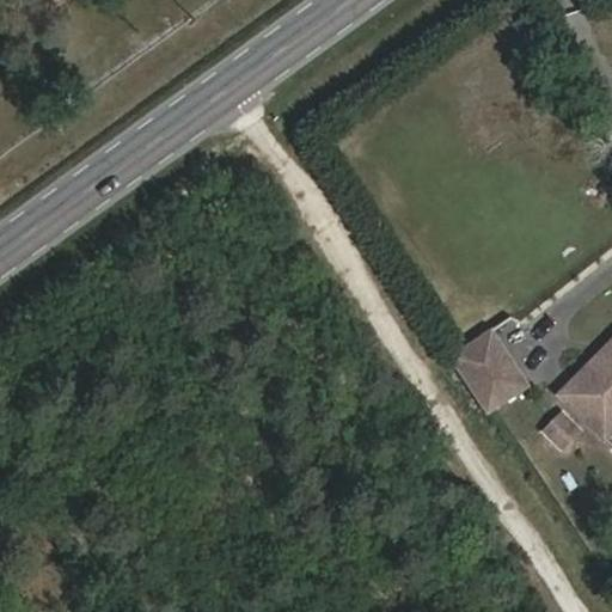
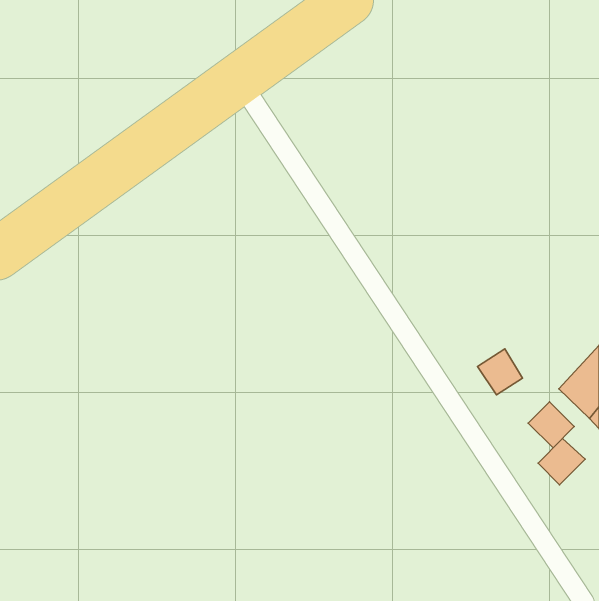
building: [454,328,512,410] -> none
building: none -> [538,438,585,485]

